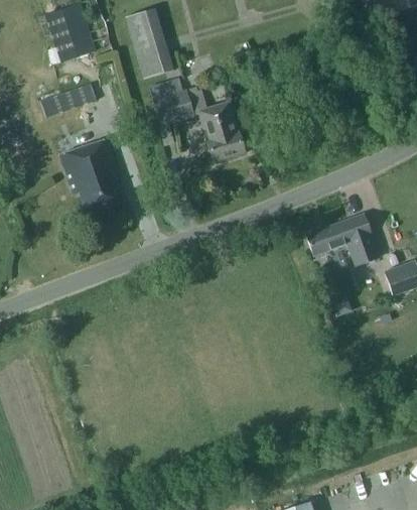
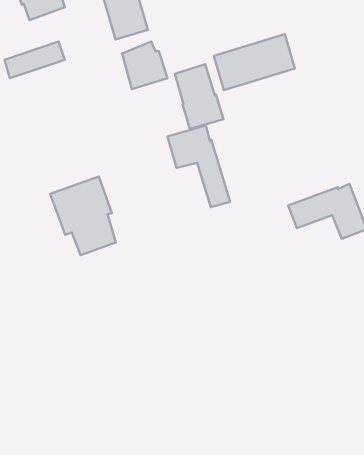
building: none -> [214,34,295,90]
building: [59,140,121,214] -> [50,177,116,255]
building: none -> [167,125,230,207]

